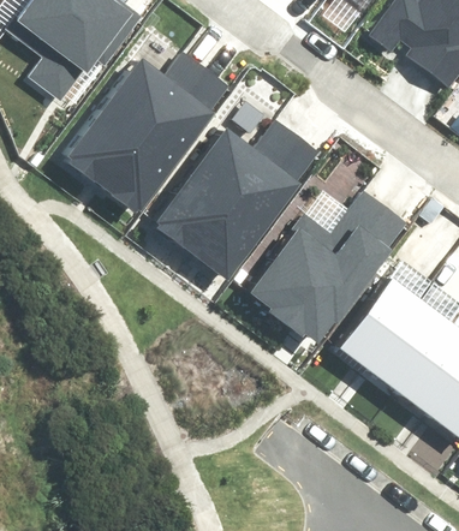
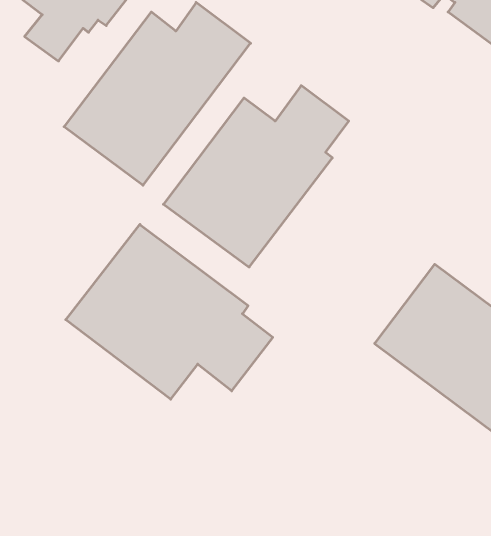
building: [250,190,409,341] -> none
building: none -> [66,224,273,399]

